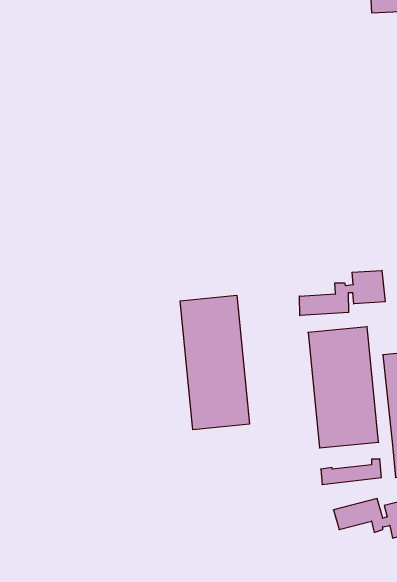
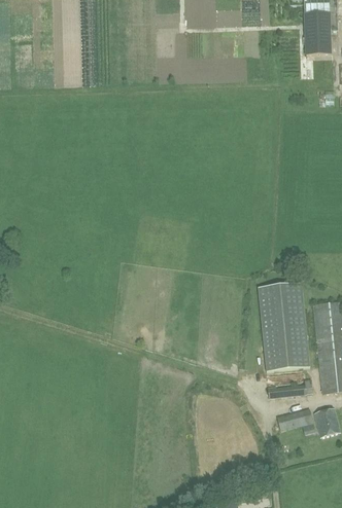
building: [299,270,385,316] -> none
building: [180,295,249,430] -> none

